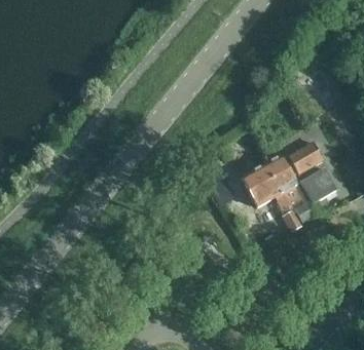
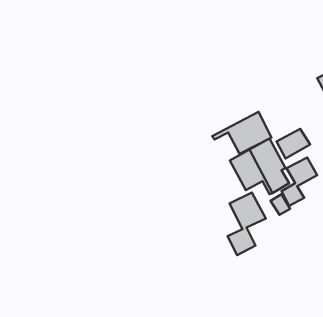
building: none -> [212,112,271,154]
building: none -> [227,192,266,255]

